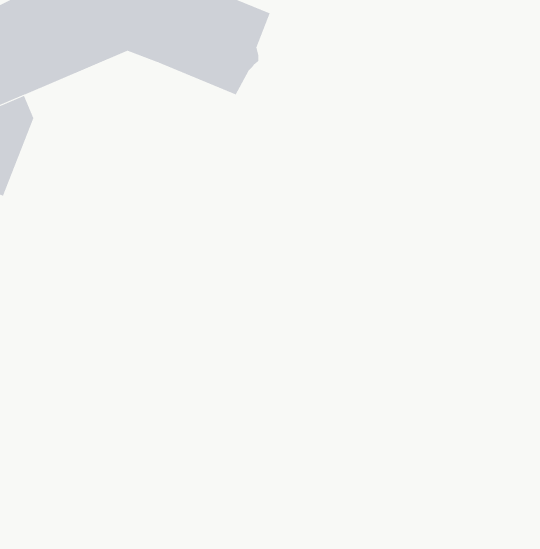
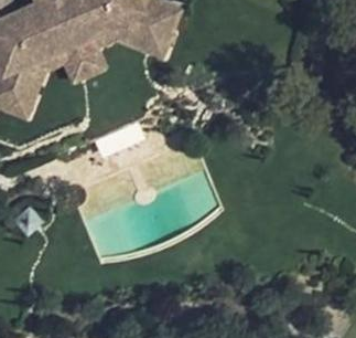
building: none -> [39,33,116,82]

